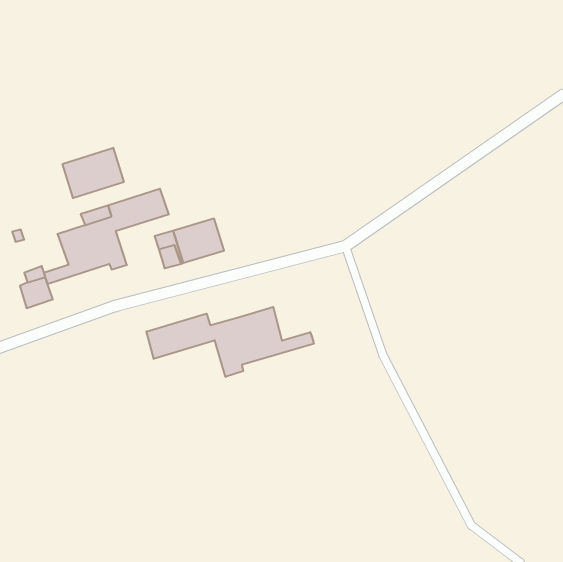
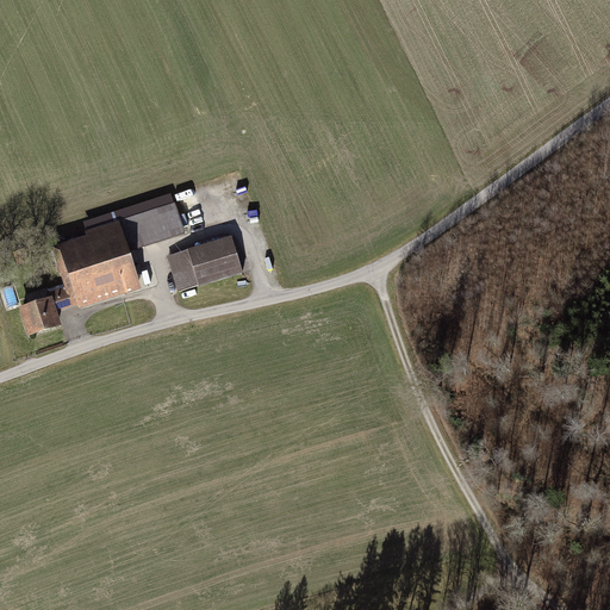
building: [63,148,124,198] -> none
building: [146,307,314,377] -> none

